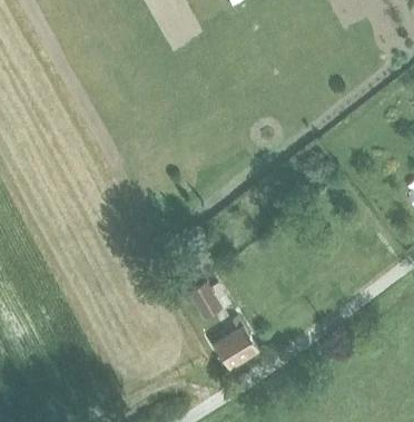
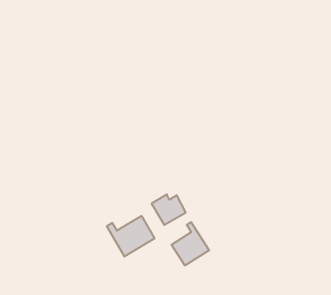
building: none -> [107,216,154,257]

